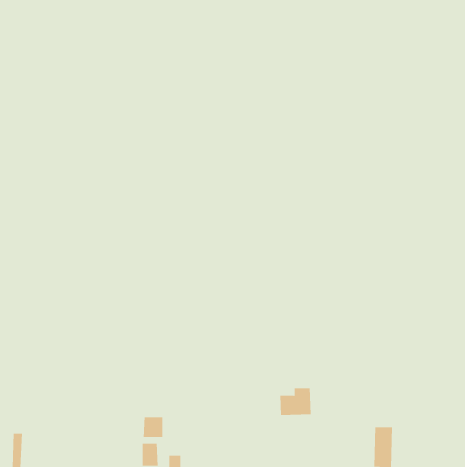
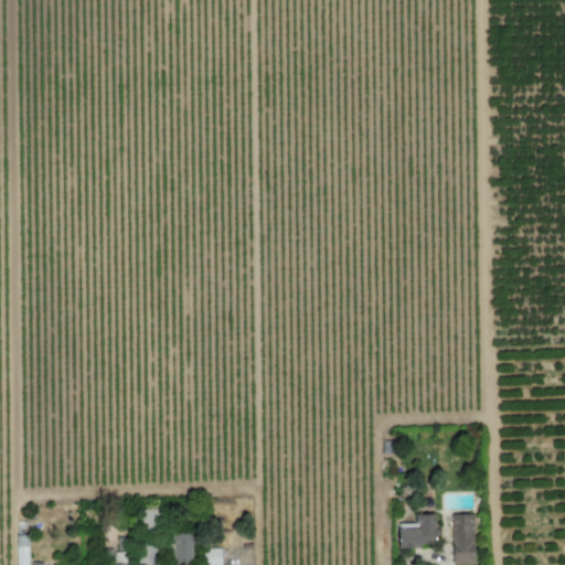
building: [279,388,311,415] -> [398,515,437,548]
building: [143,417,163,438] -> none

